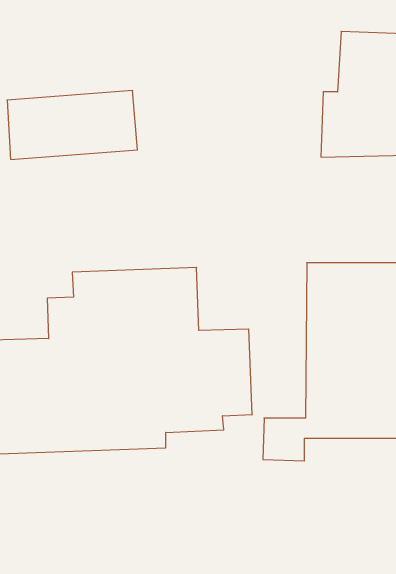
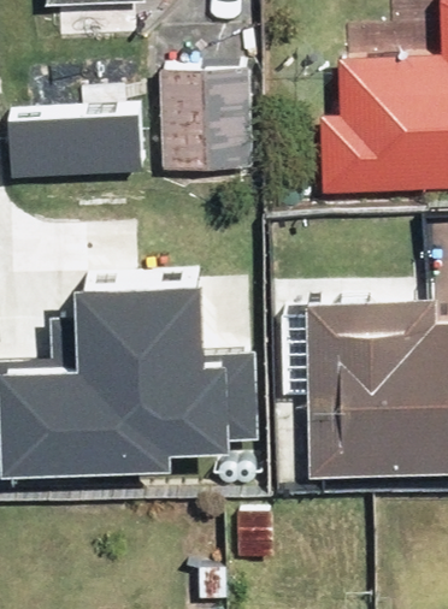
building: none -> [161,66,257,172]

